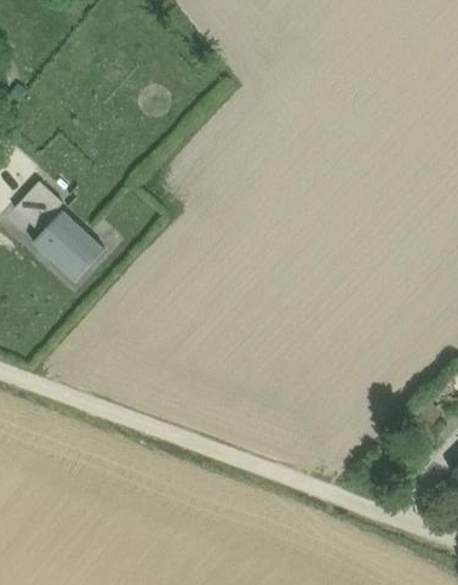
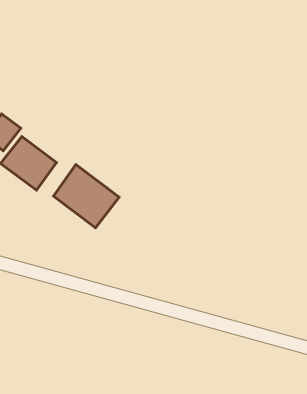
building: none -> [53,165,119,228]

